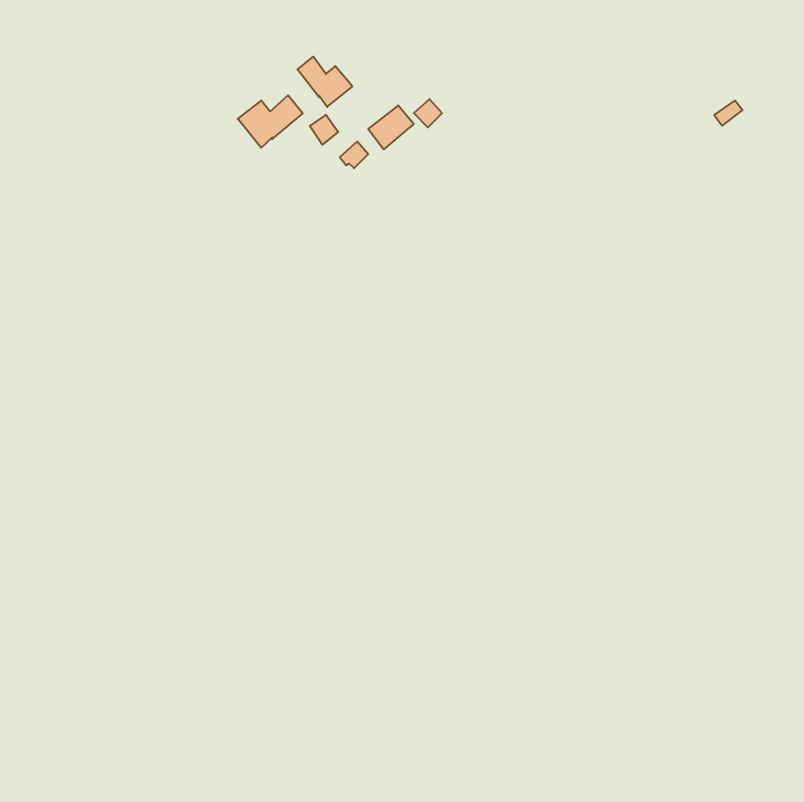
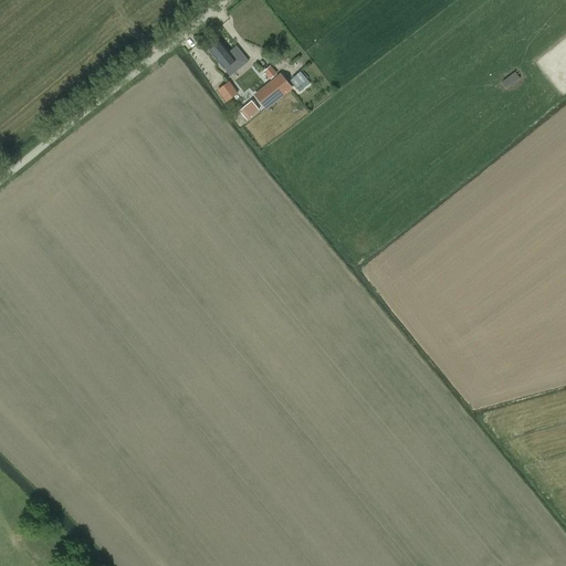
building: [238,95,303,148] -> none

